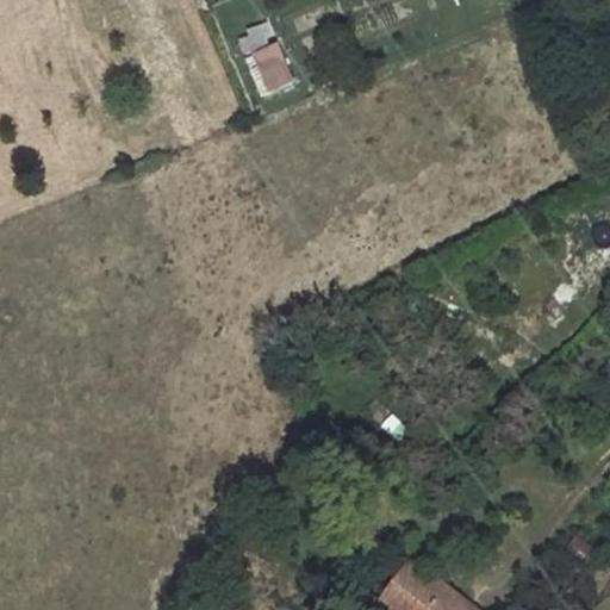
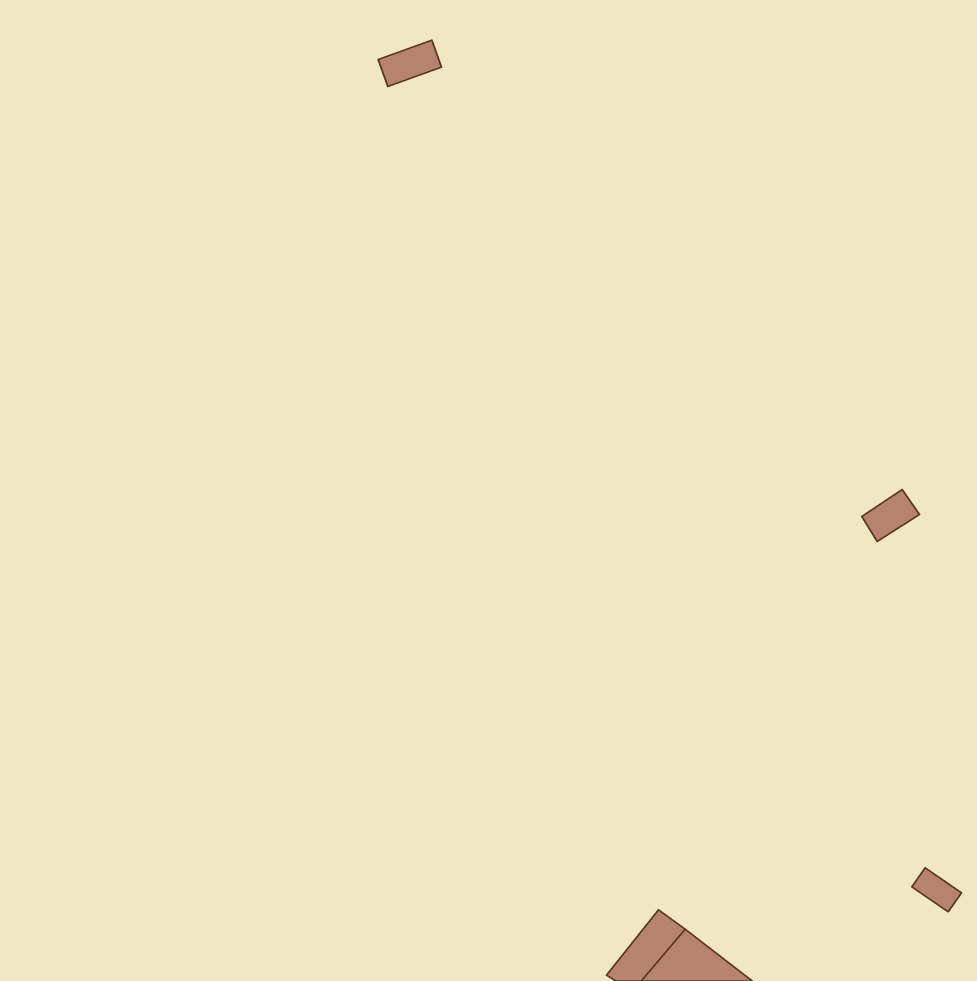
building: [251,43,295,94] -> none

